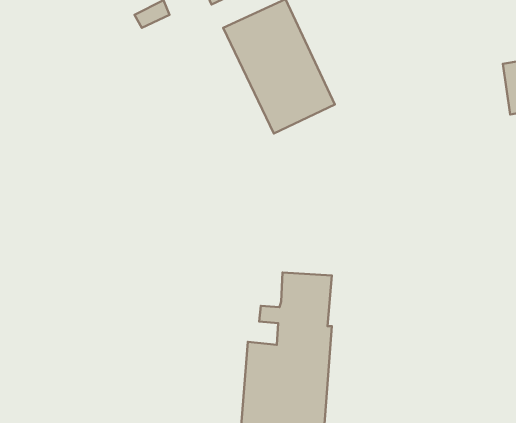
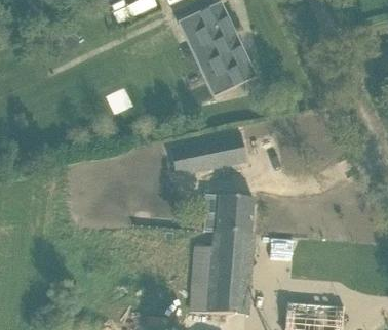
building: none -> [170,136,246,172]

